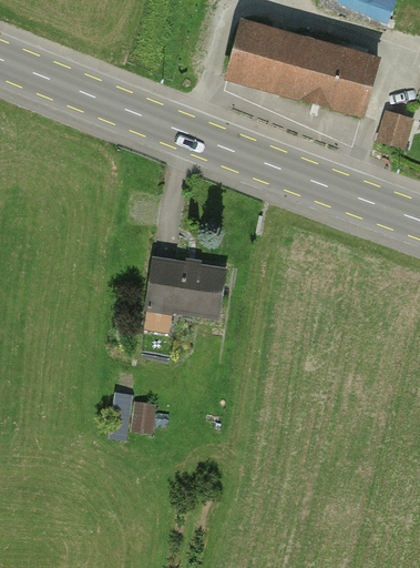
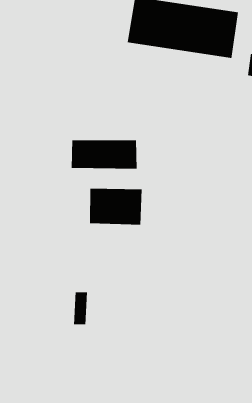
building: none -> [71,140,137,170]

